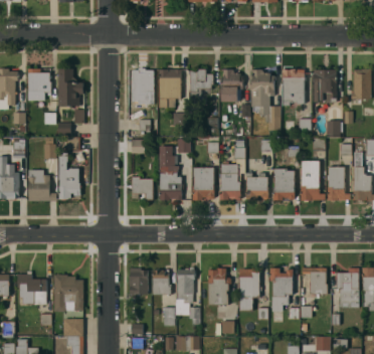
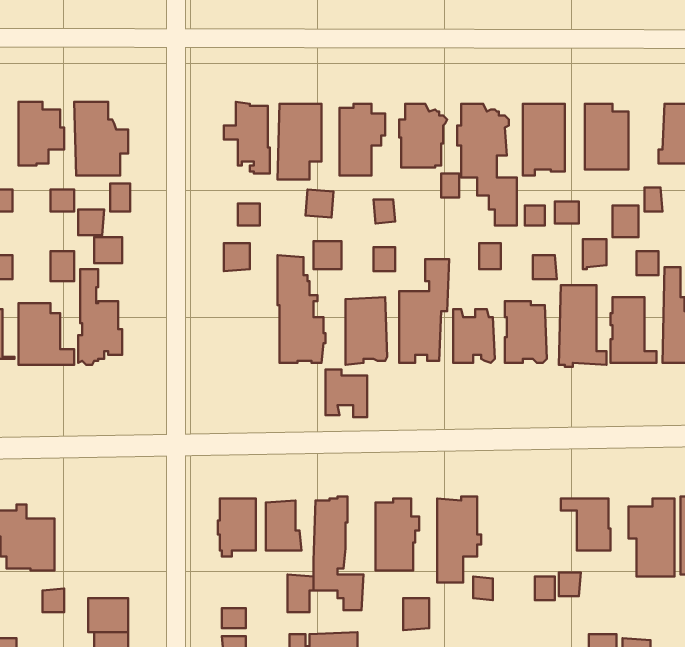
building: [131,176,152,200] -> [325,369,367,417]
building: [268,269,292,312] -> none
building: [53,275,82,312] -> none

